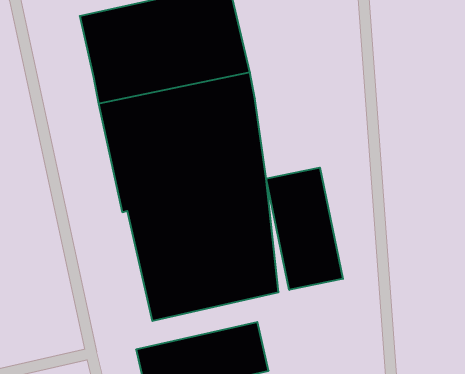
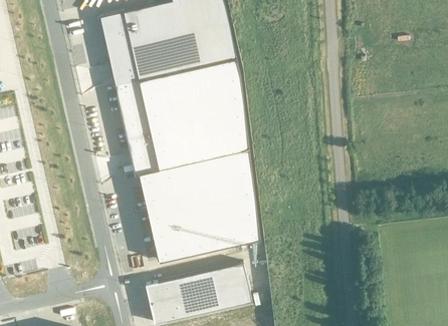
building: [266,168,343,290] -> none

